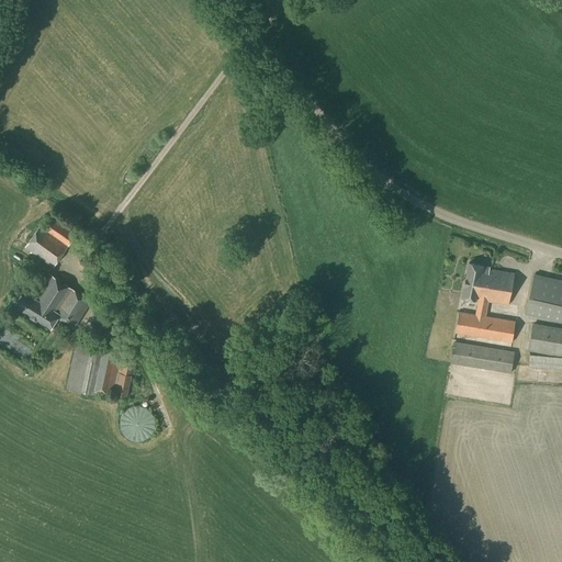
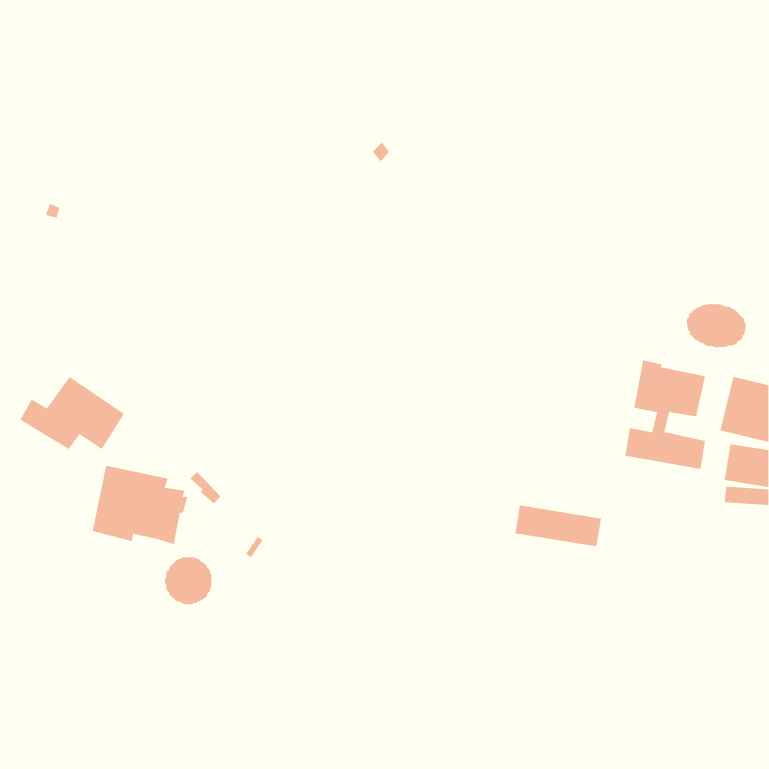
building: [25,221,76,267] -> none
building: none -> [686,303,746,348]
building: [450,342,514,373] -> [515,505,602,547]

